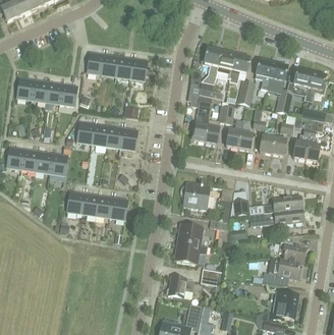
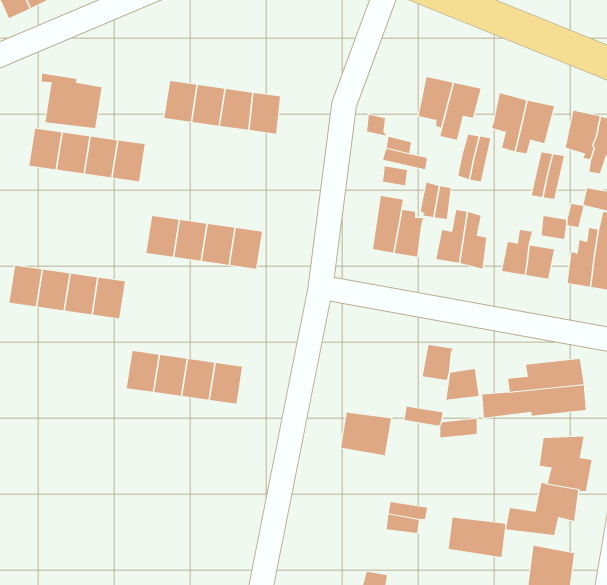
building: [201,47,221,79] -> none
building: none -> [41,73,102,129]
building: [181,181,211,209] -> none
building: [174,240,208,263] -> none
building: [168,275,194,296] -> none
building: none -> [448,517,506,558]

